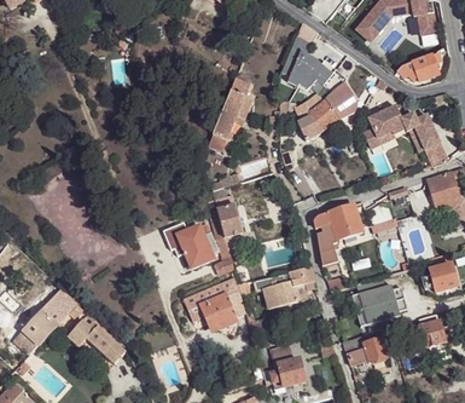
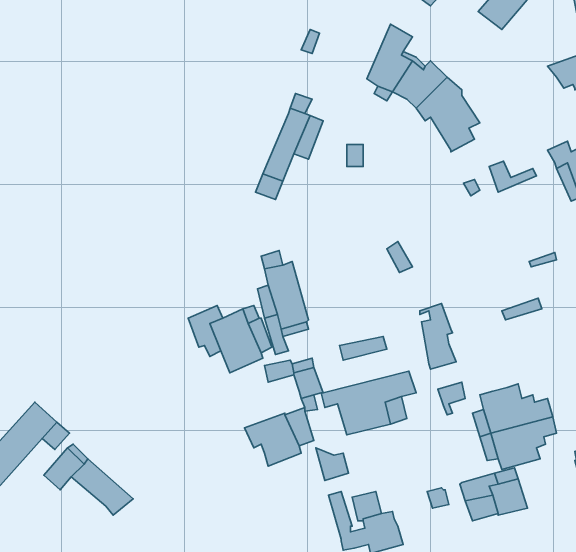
building: [293,92,337,140] -> none
building: [368,105,406,138] -> none
building: [316,205,362,238] -> none

